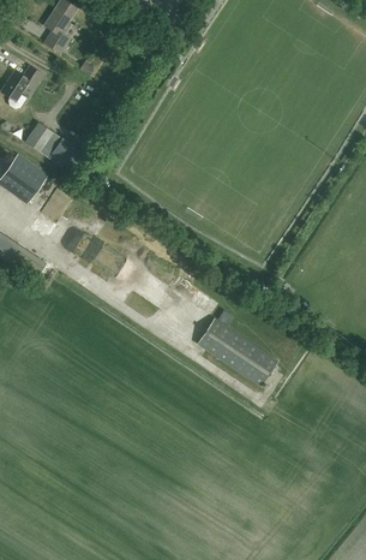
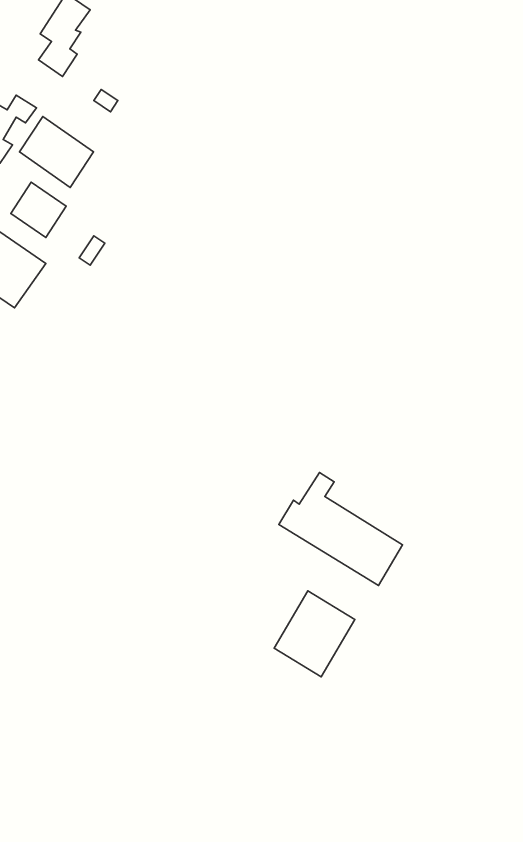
building: none -> [19,116,93,187]
building: none -> [274,591,355,677]

